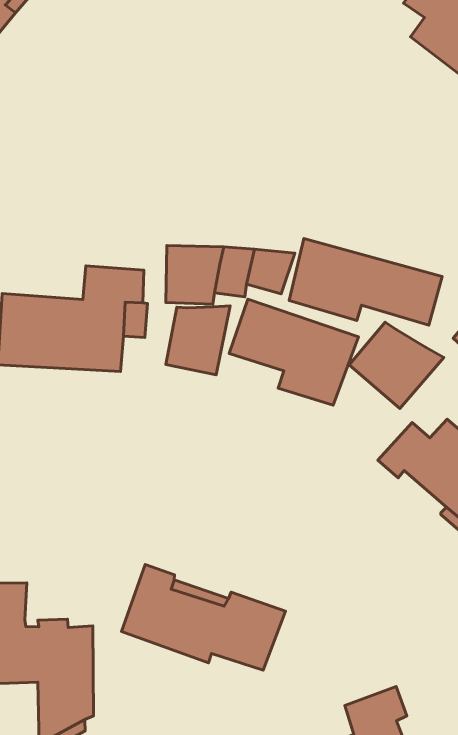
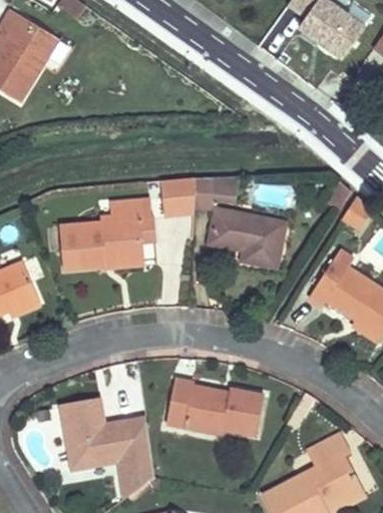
building: [289,238,442,325] -> none
building: [166,306,230,375] -> none
building: [349,322,444,408] -> none

